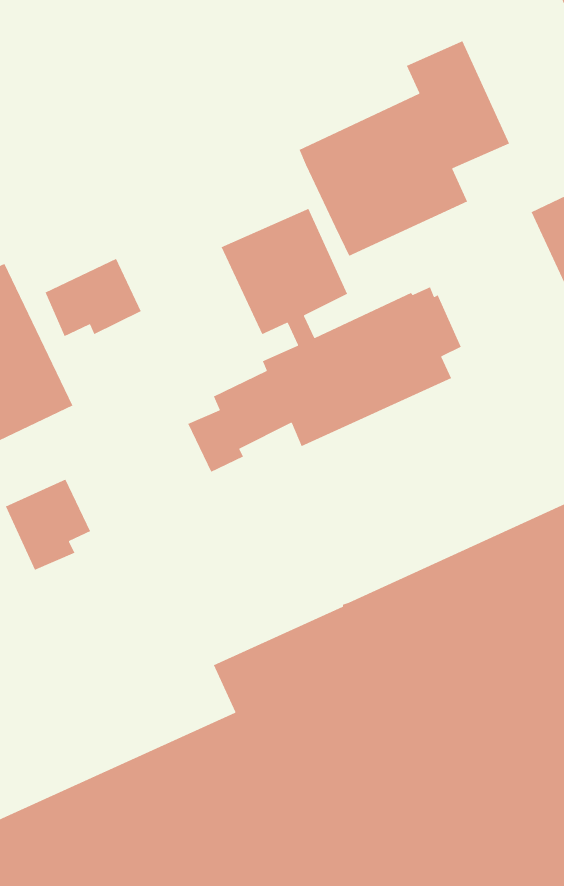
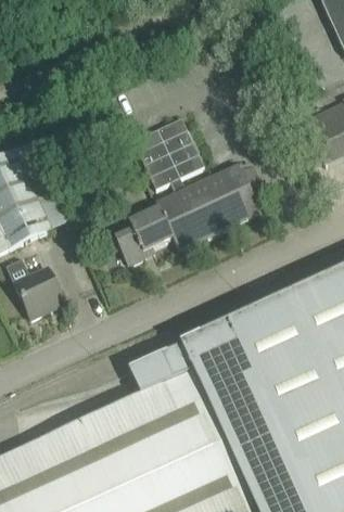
building: [298,40,510,257] -> none
building: [44,258,142,337] -> none

